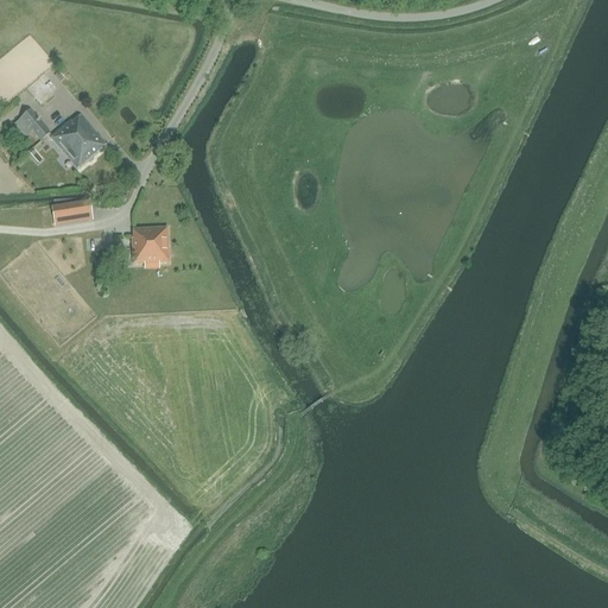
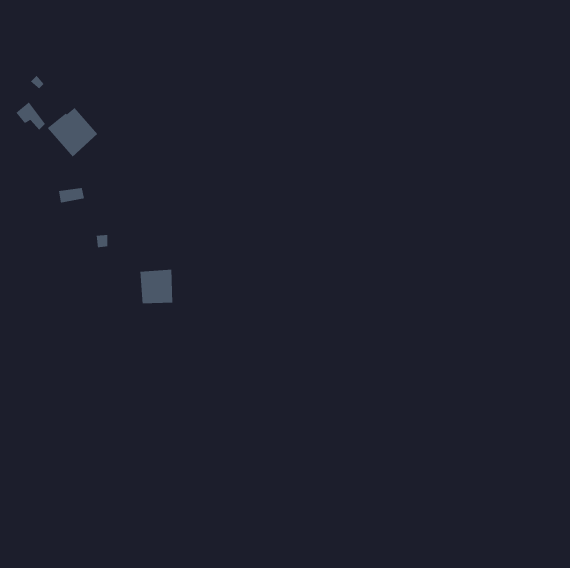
building: [132,227,167,264] -> [140,269,173,304]

